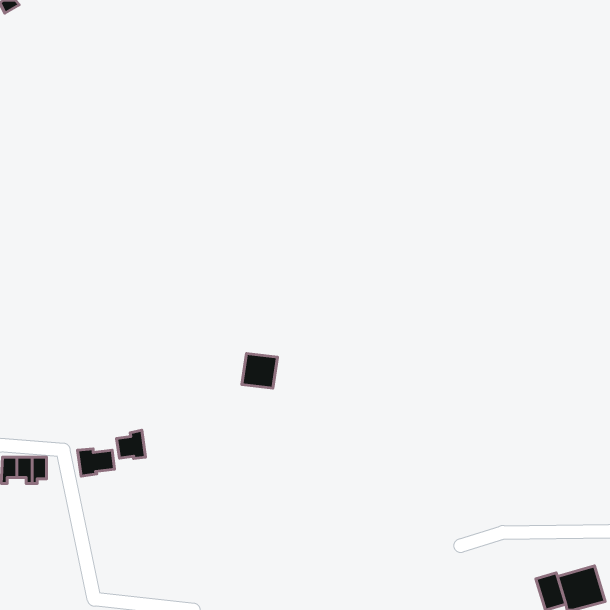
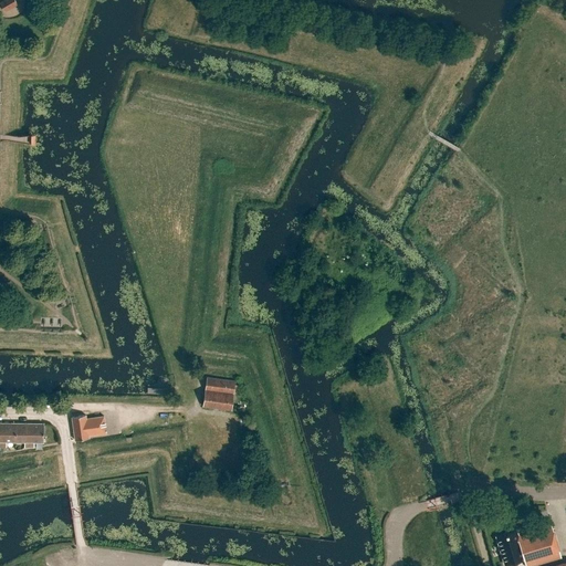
building: [242,353,278,388] -> [202,378,235,410]
building: [117,430,145,459] -> none

